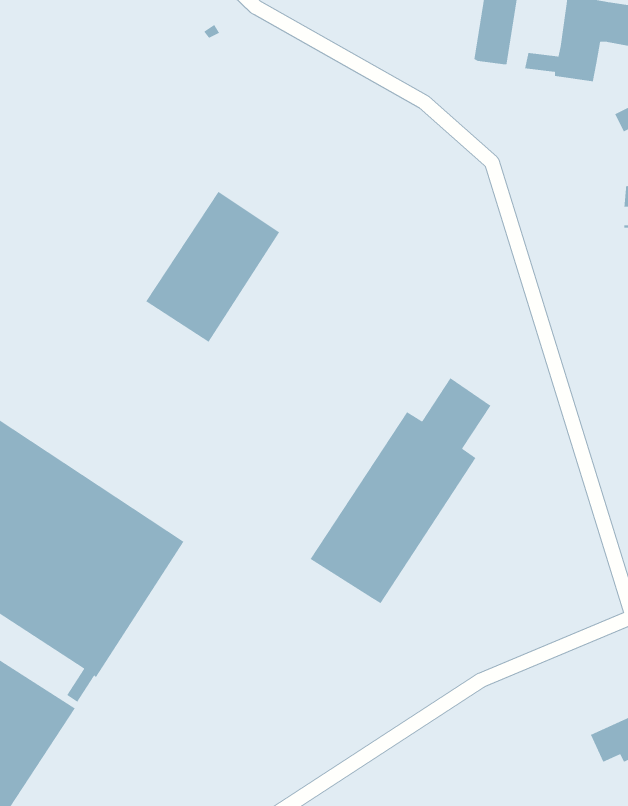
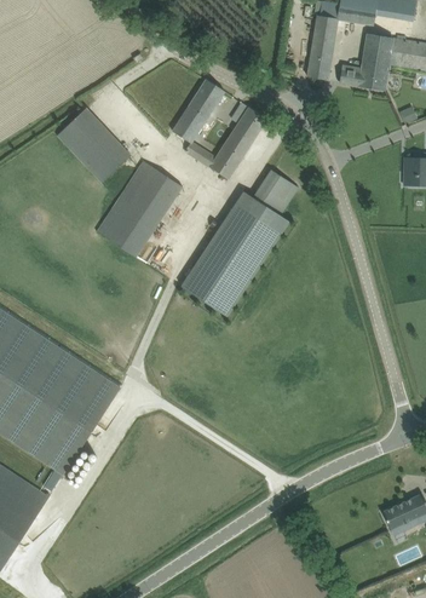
building: none -> [172,80,266,179]
building: none -> [57,108,131,183]
building: [309,377,491,604] -> [180,169,298,316]

